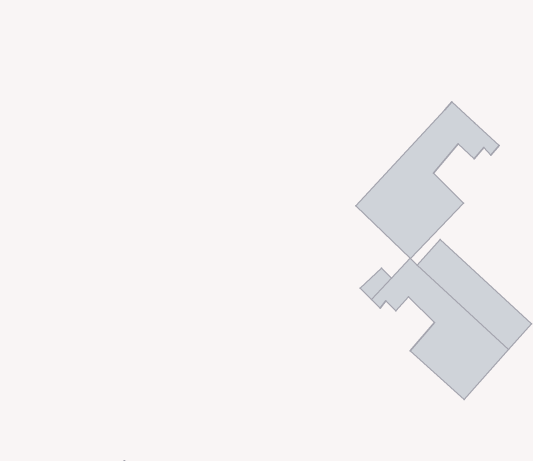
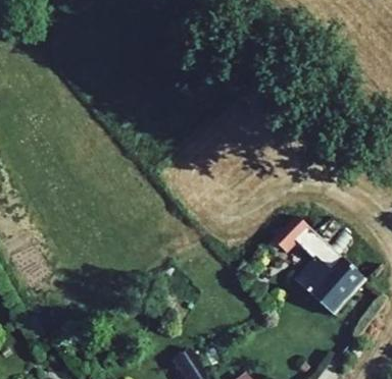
building: [356,102,499,259] -> none

